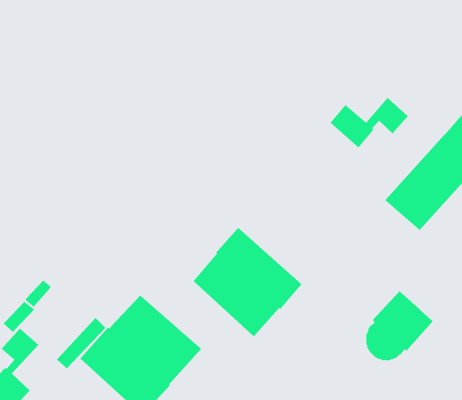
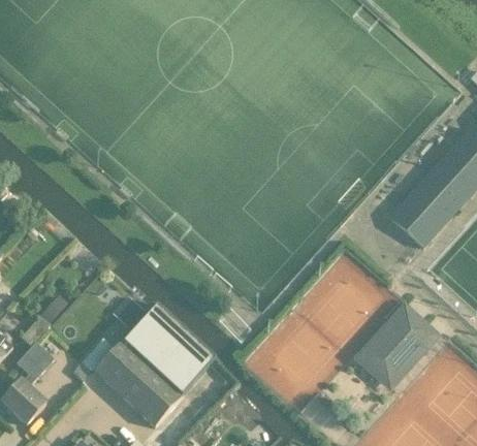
building: [330,97,408,148] -> none
building: [193,227,302,337] -> none

